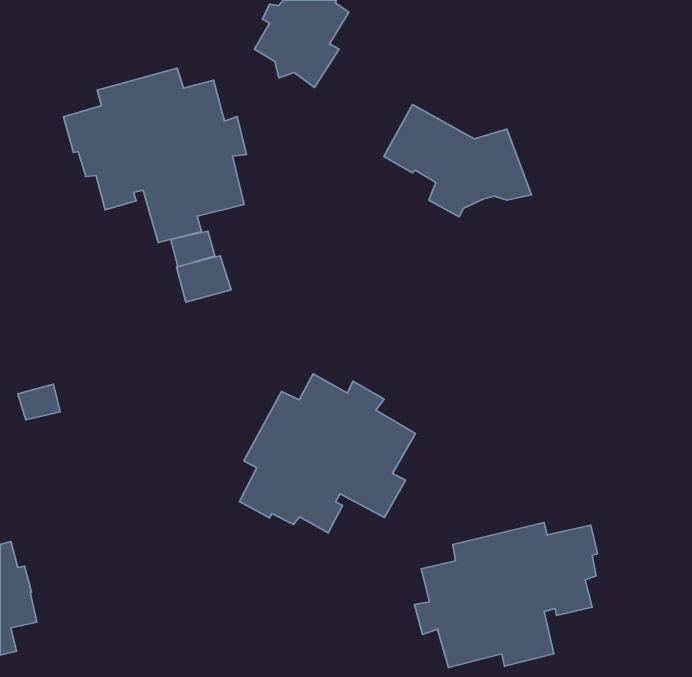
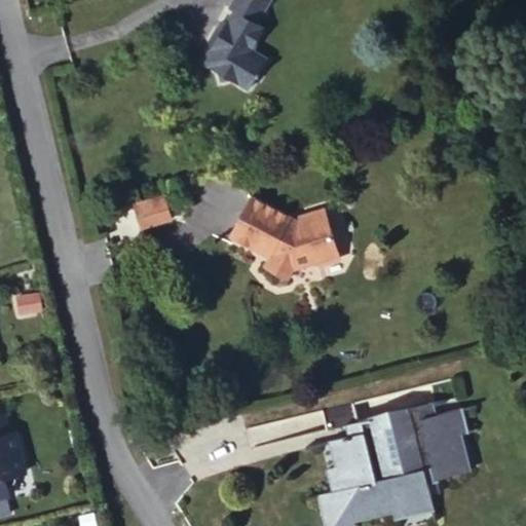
building: [64,68,247,243] -> none
building: [384,105,532,217] -> [229,187,340,271]
building: [240,374,416,533] -> none

